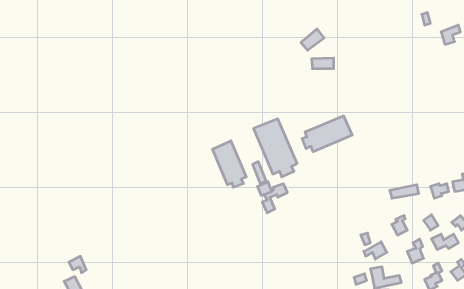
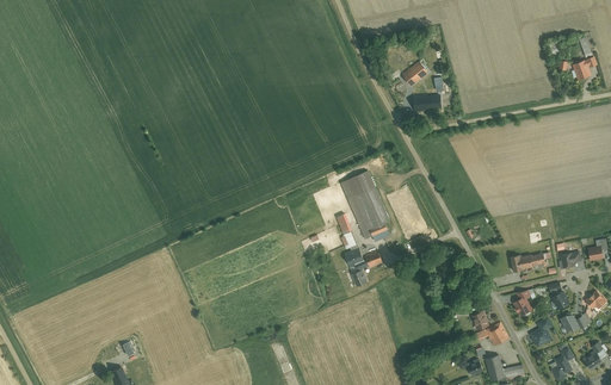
building: [302,116,352,152] -> none
building: [213,141,246,187] -> none

